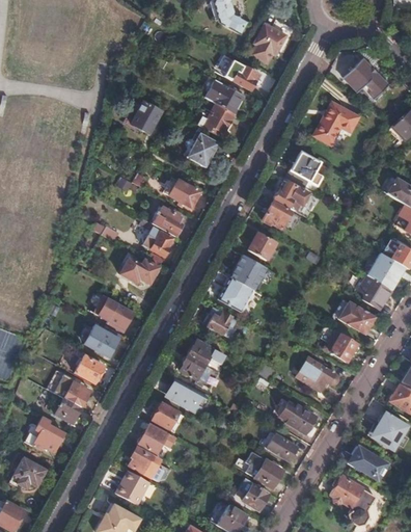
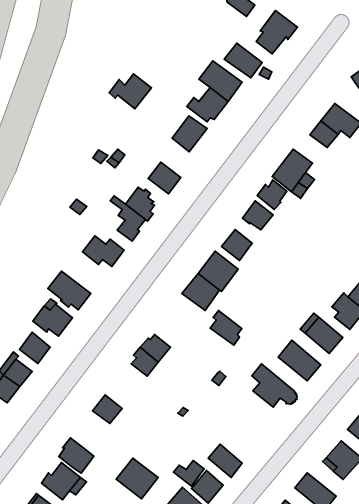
building: [207,309,236,339] -> [210,310,242,345]
building: [171,380,202,407] -> none
building: [278,401,317,434] -> none
building: [137,422,175,458] -> [116,458,158,499]

